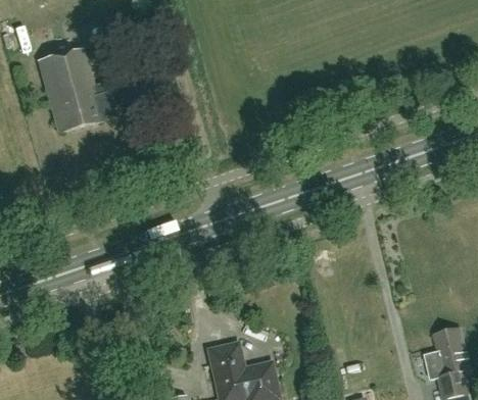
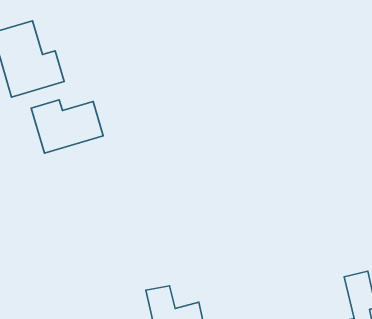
building: none -> [31,100,103,153]

